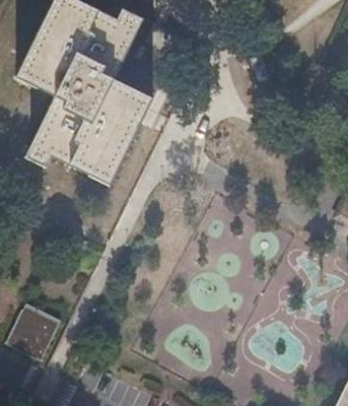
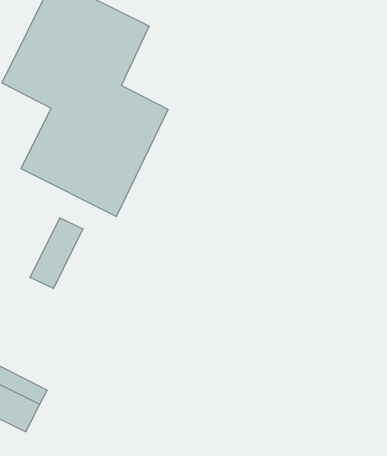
building: none -> [30,218,83,289]

